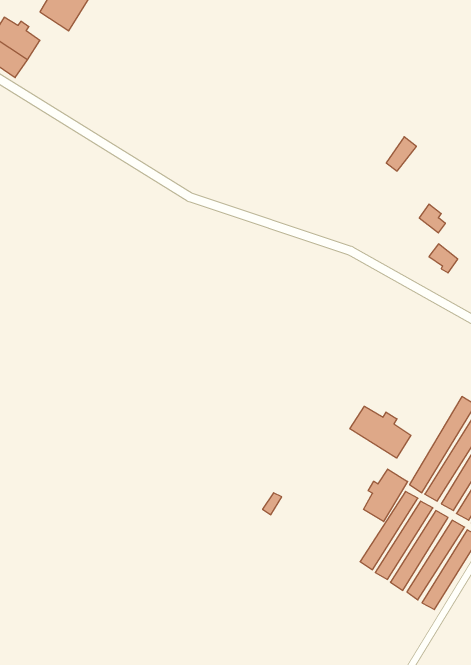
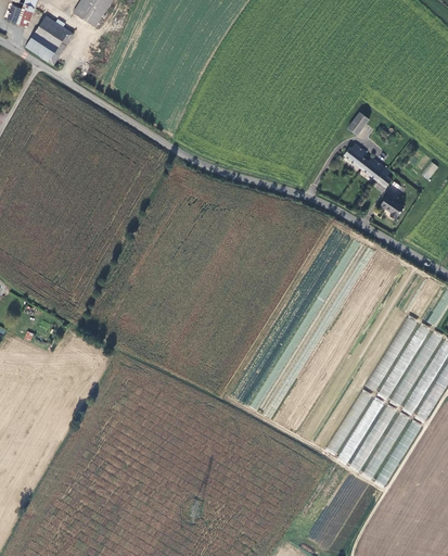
building: none -> [345,143,380,176]
building: [350,406,411,458] -> none
building: [364,469,408,522] -> none

